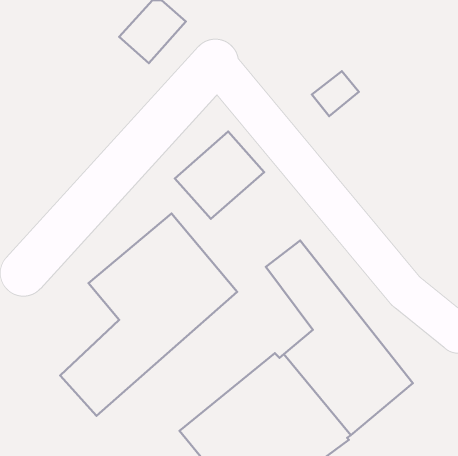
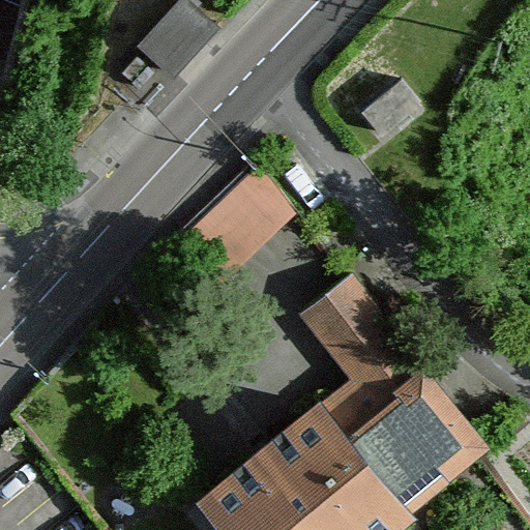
building: [60,213,237,416] -> none

